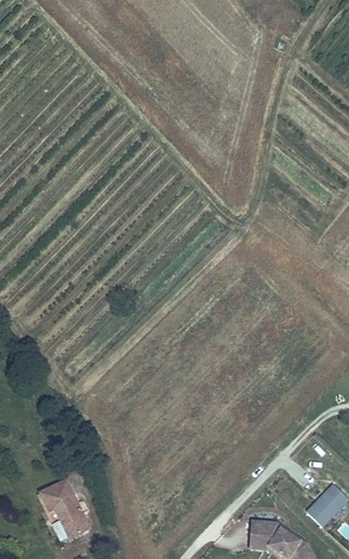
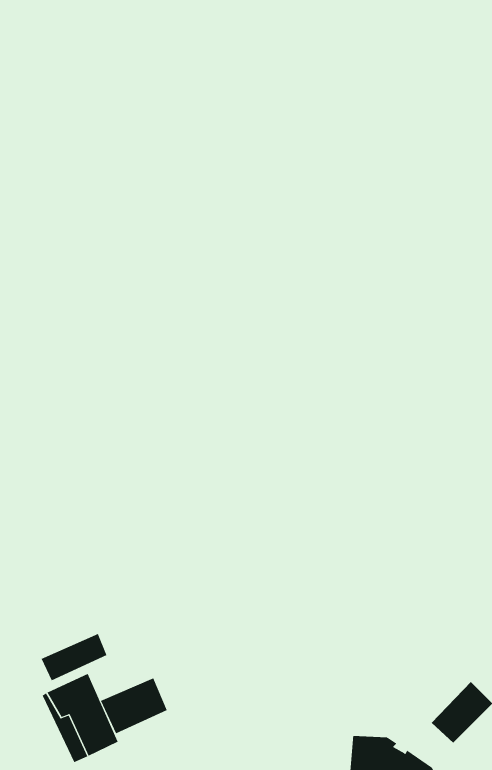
building: none -> [41,633,107,681]
building: none -> [100,677,167,734]

